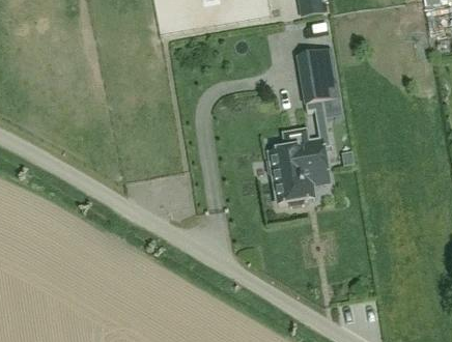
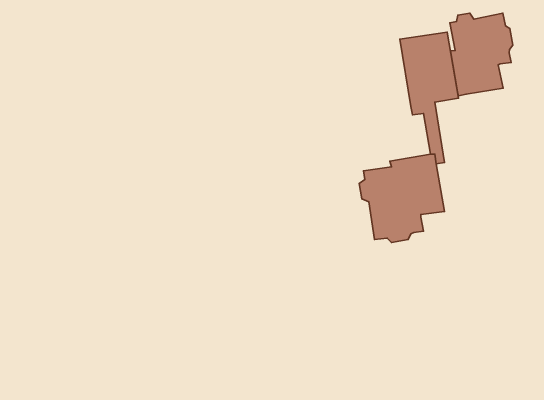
building: none -> [450,13,513,96]

